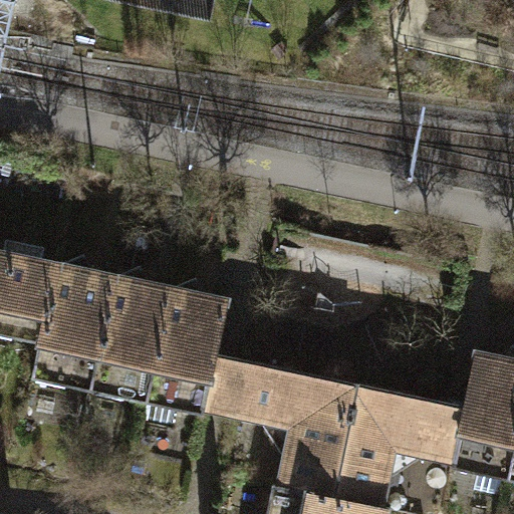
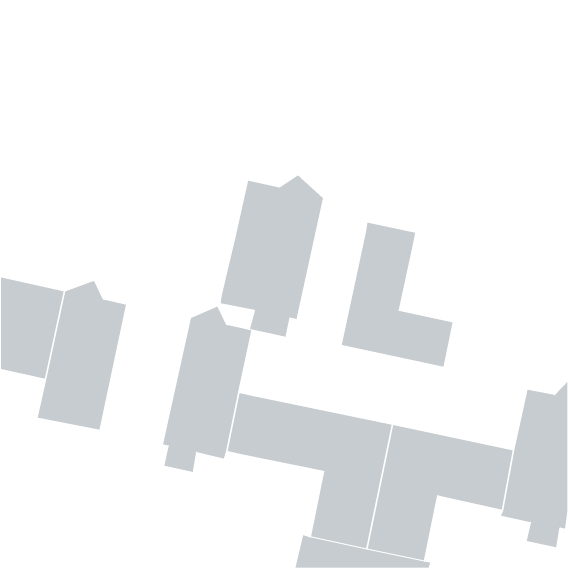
building: none -> [220,175,323,337]
building: none -> [341,222,453,368]
building: [90,265,172,402] -> none

